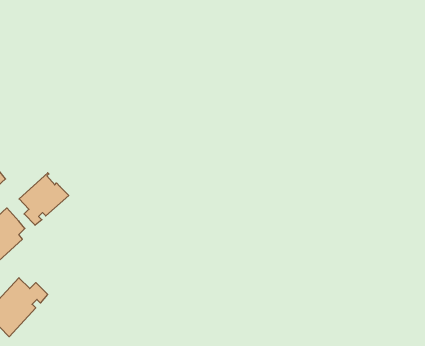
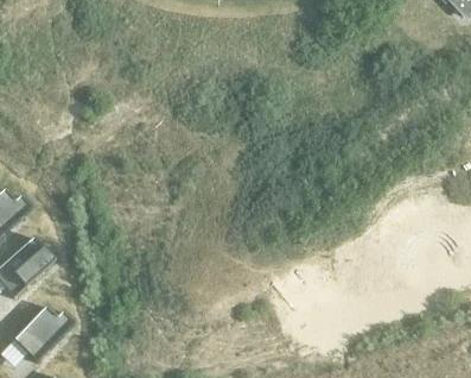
building: [19,173,69,225] -> none

